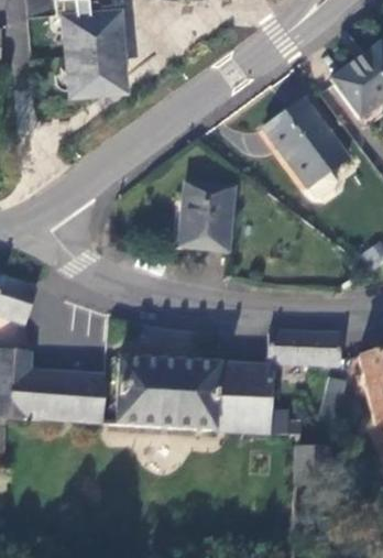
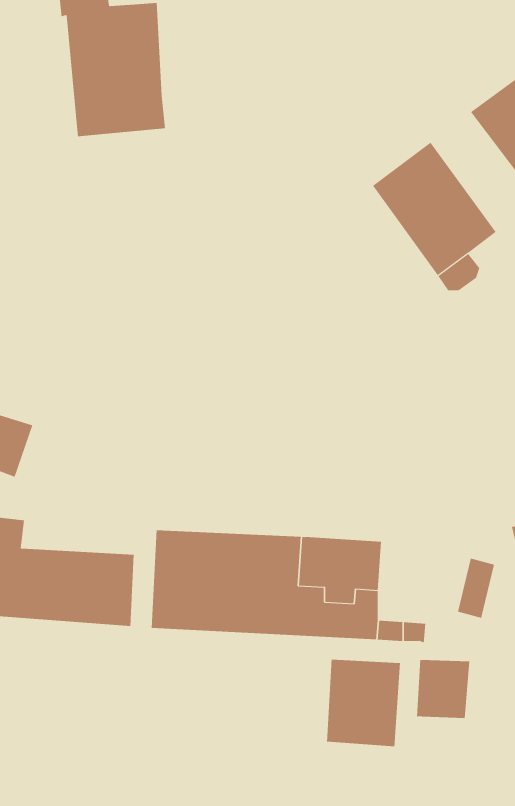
building: [183,183,234,250] -> none
building: [269,330,340,365] -> none
building: none -> [327,659,401,747]

